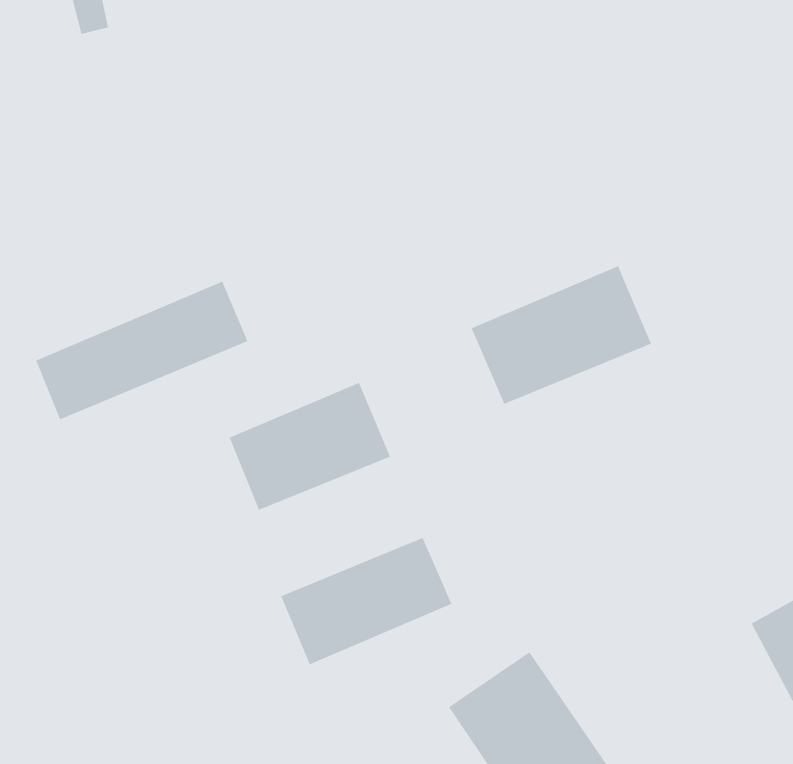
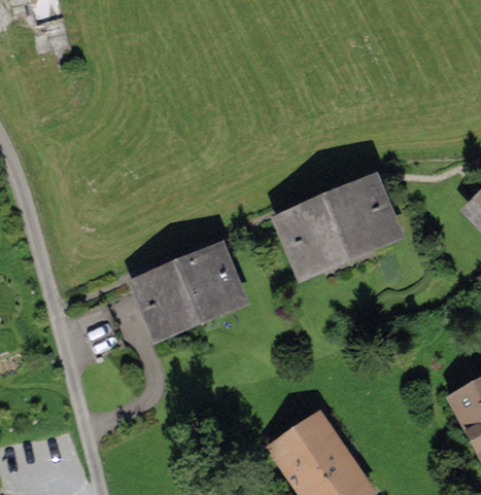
building: [36,281,248,420] -> none
building: [281,537,452,665] -> none

